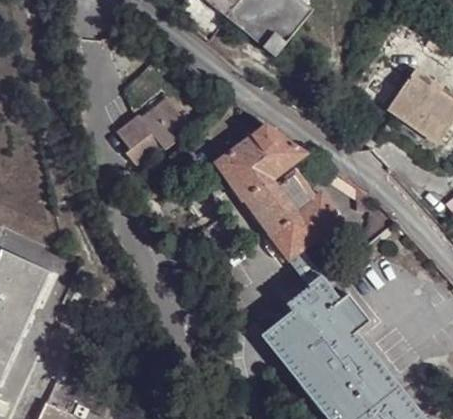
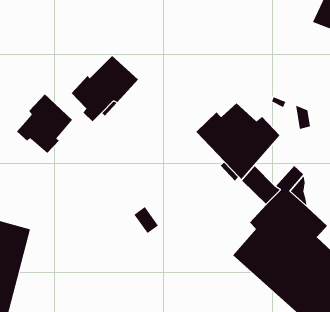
building: [216,126,304,200] -> none
building: none -> [16,94,73,154]

